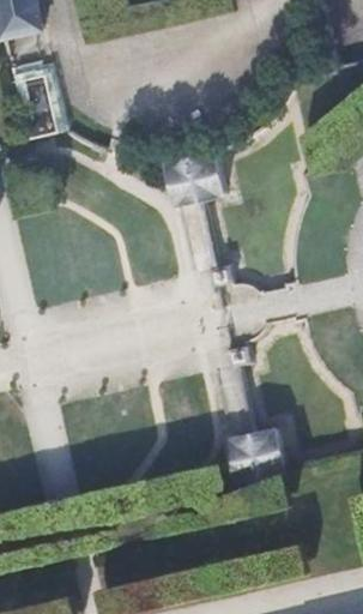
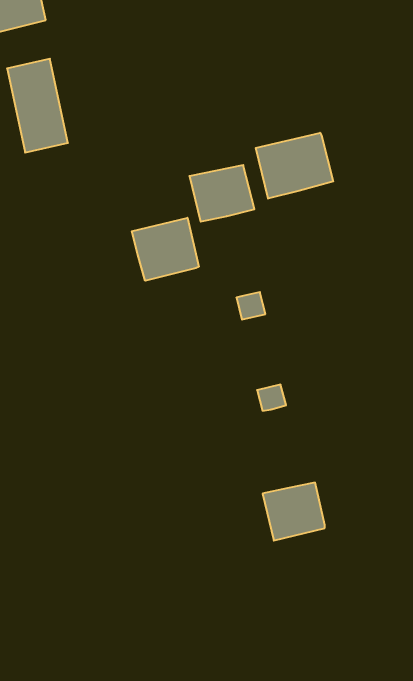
building: none -> [256,133,333,199]
building: none -> [132,218,199,281]

